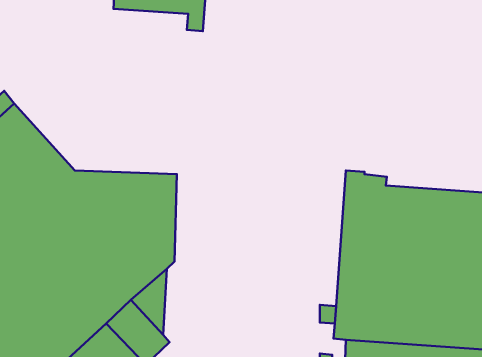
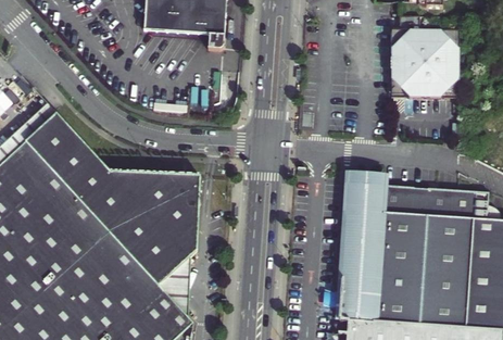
building: none -> [390,27,457,95]

